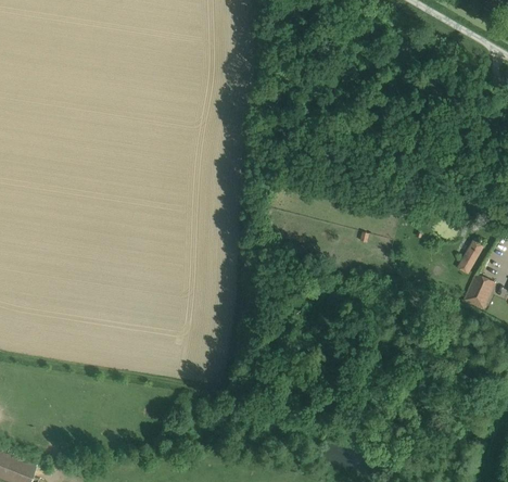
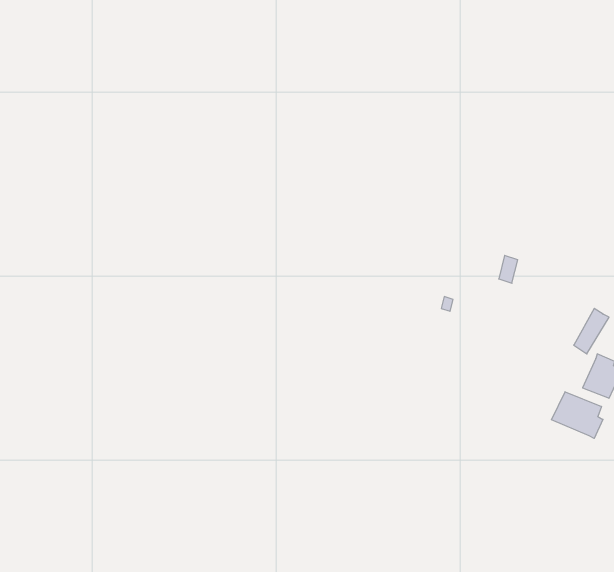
building: none -> [551,392,603,438]

